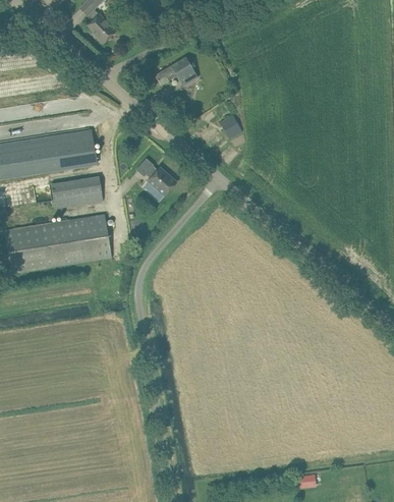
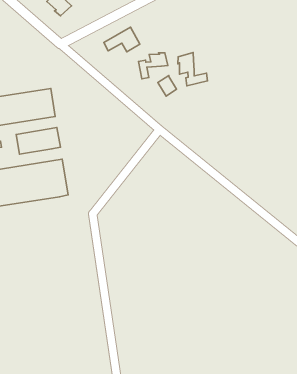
building: none -> [178,53,207,86]
building: none -> [139,53,168,79]
building: [136,158,176,196] -> none

